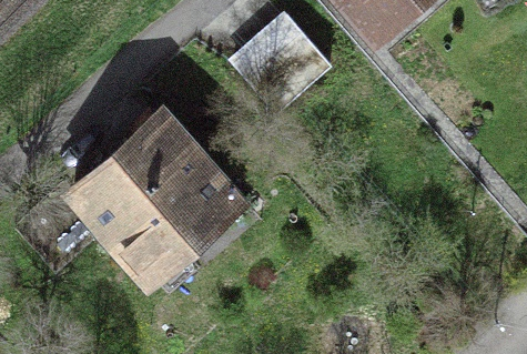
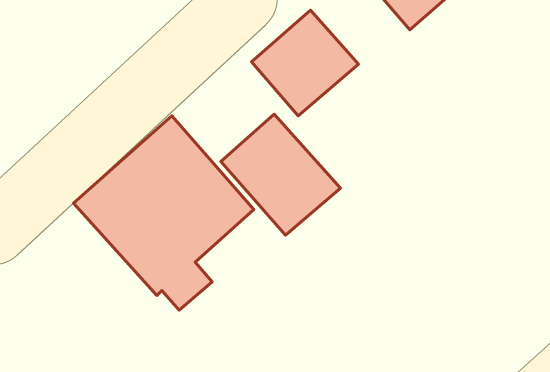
building: none -> [221,114,340,235]

